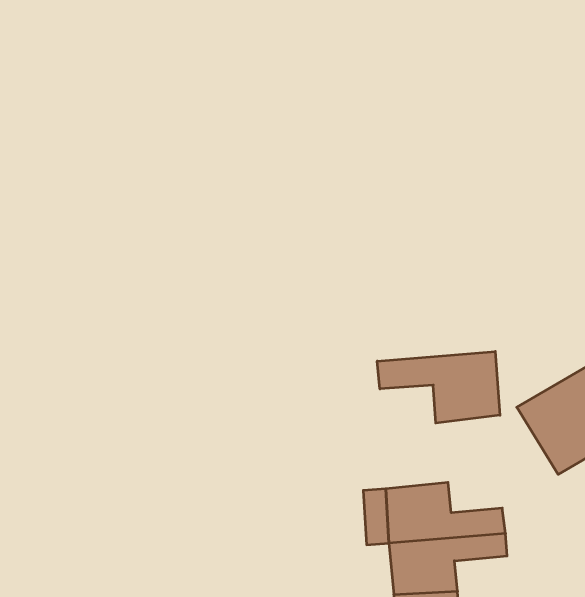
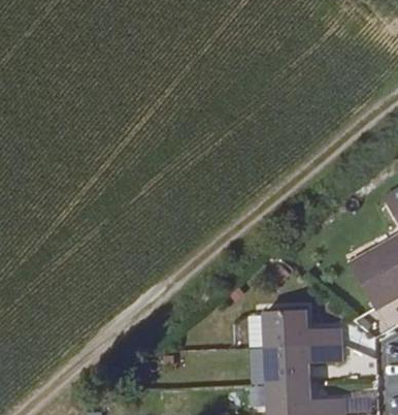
building: [377,351,500,423] -> none

